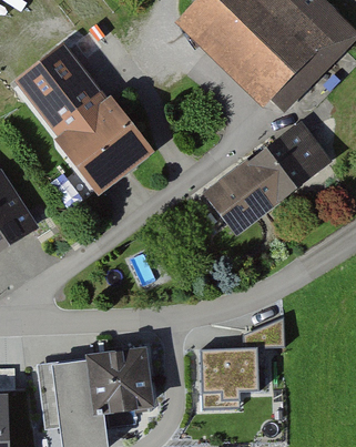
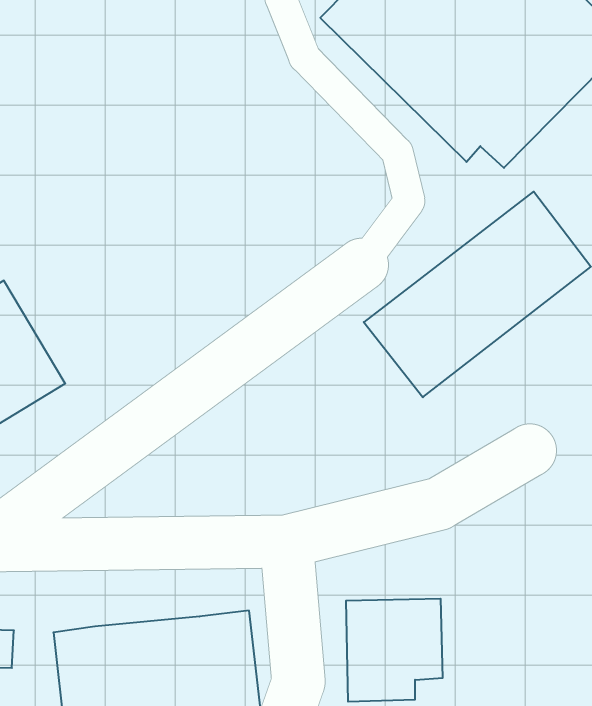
building: [18,42,152,192] -> none

